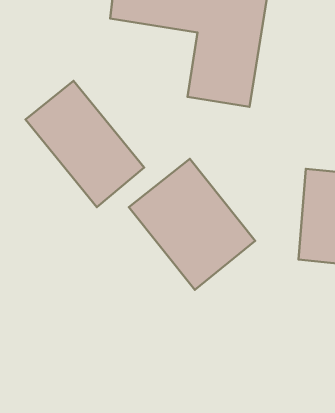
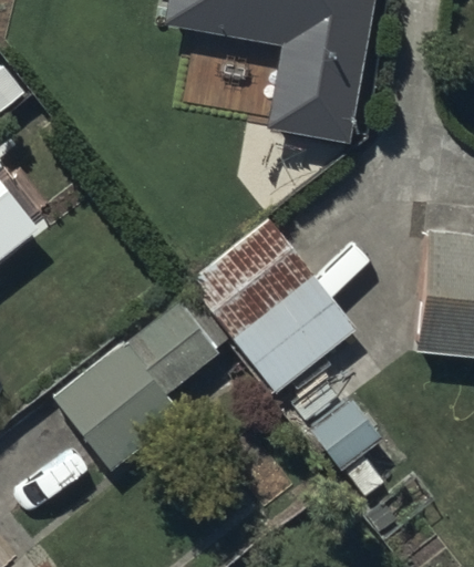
building: [26,81,144,207] -> none
building: none -> [52,301,226,472]

